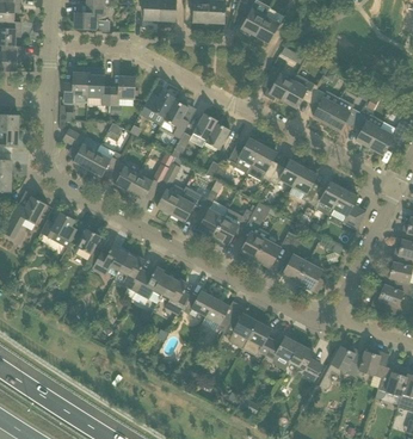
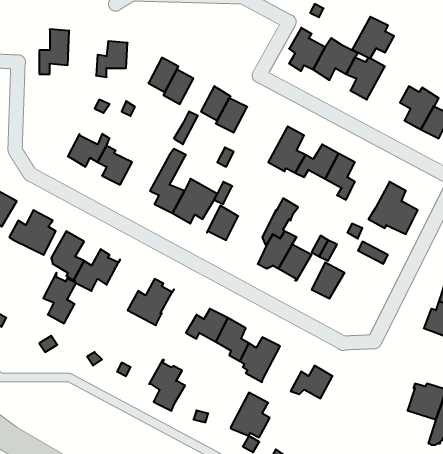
building: [87,68,111,104] -> none
building: [326,97,359,130] -> [352,17,394,59]
building: [63,129,97,168] -> none
building: [228,137,263,173] -> none
building: [129,163,168,199] -> none
building: [309,180,344,209] -> none
building: [214,208,253,247] -> none
building: [118,251,144,291] -> [43,273,76,323]
building: [296,261,323,293] -> none
building: [161,274,190,315] -> [149,360,185,411]
building: [242,320,273,355] -> [231,393,270,437]
building: [289,344,322,381] -> none
building: [319,345,364,389] -> none

